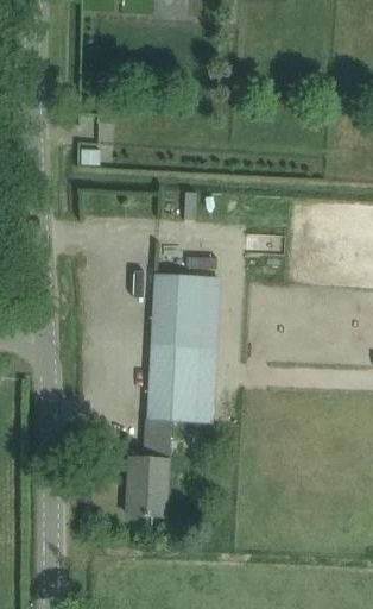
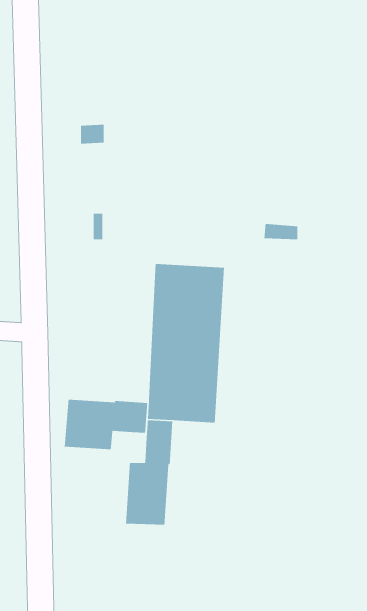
building: none -> [64,399,148,450]

